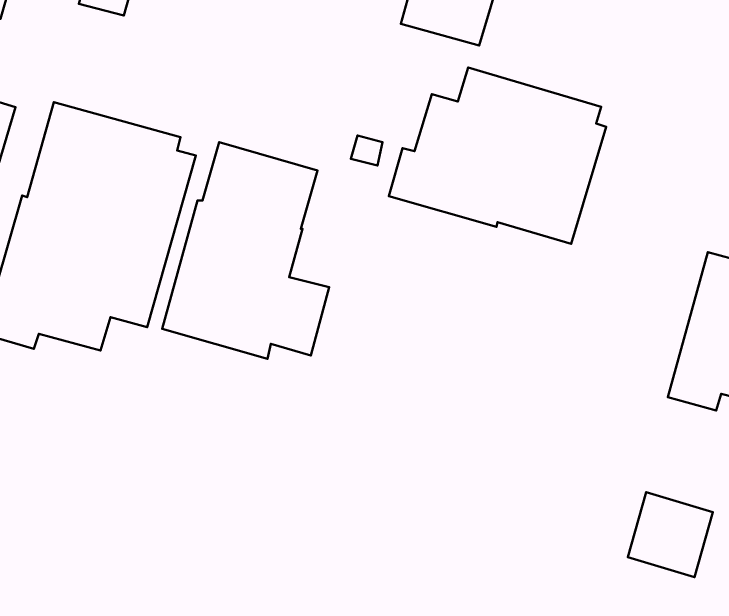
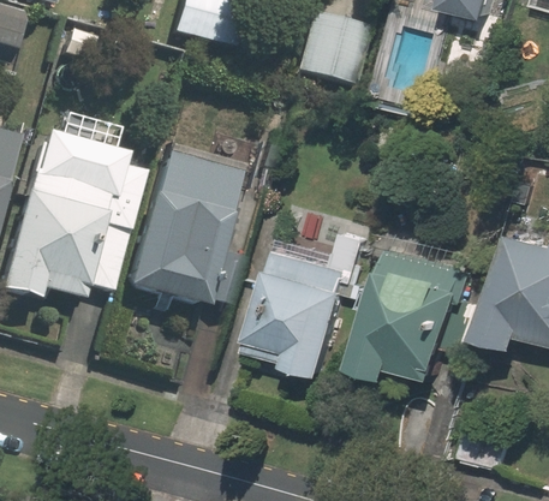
building: [389,68,606,244] -> none
building: none -> [250,232,370,375]
building: none -> [357,233,479,377]

